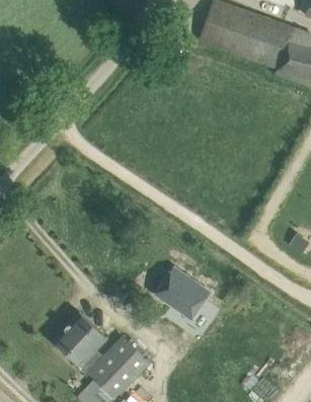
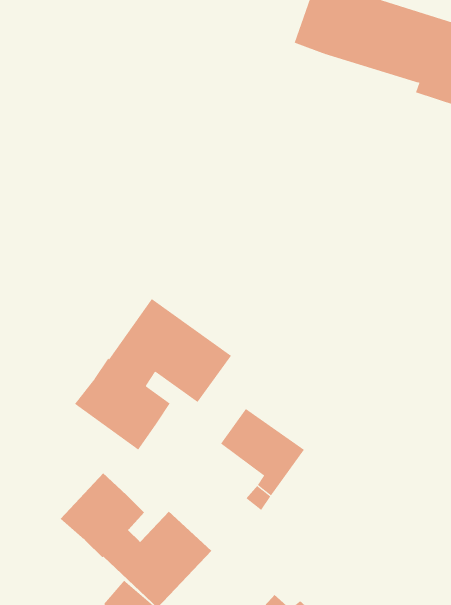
building: none -> [74,298,232,450]

